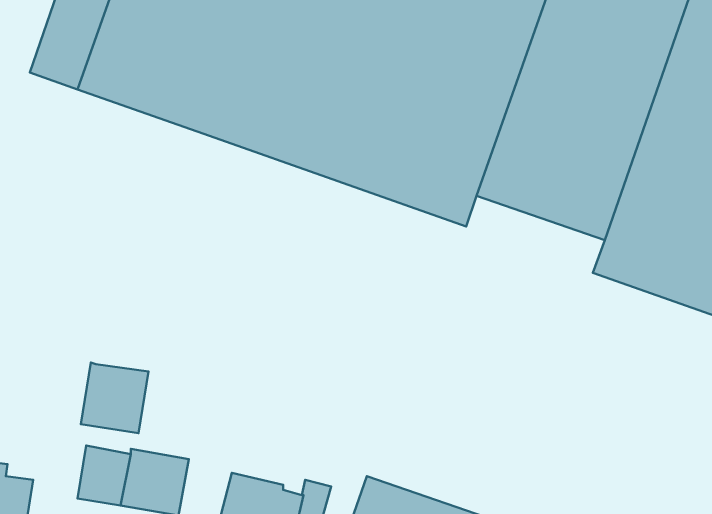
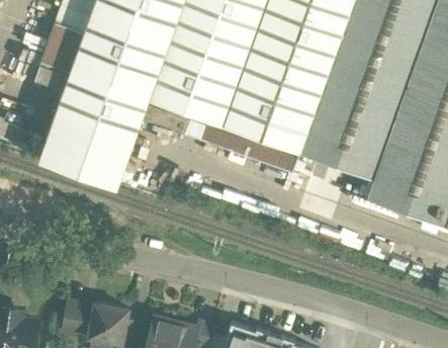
building: none -> [39,90,142,187]
building: [81,362,148,433] -> none

